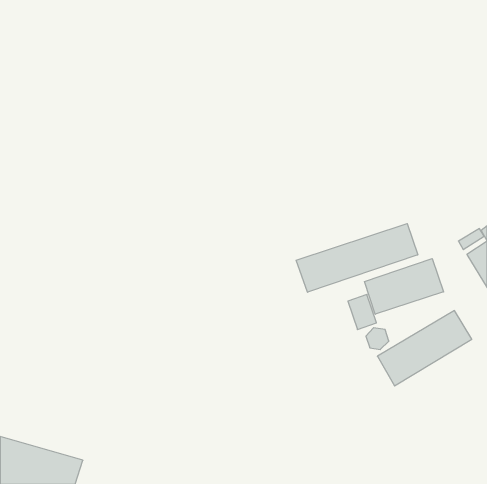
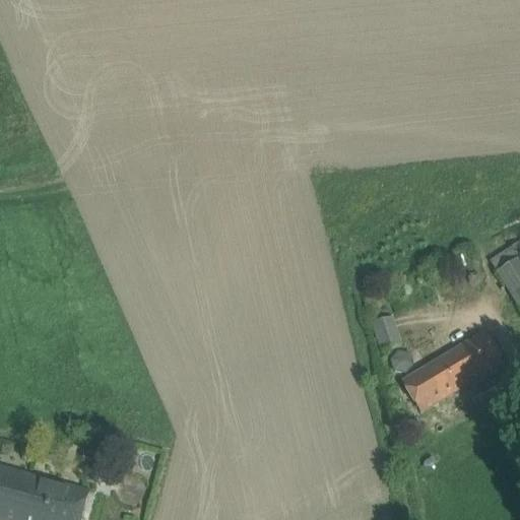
building: [296,224,418,292] -> none
building: [364,259,444,314] -> none

